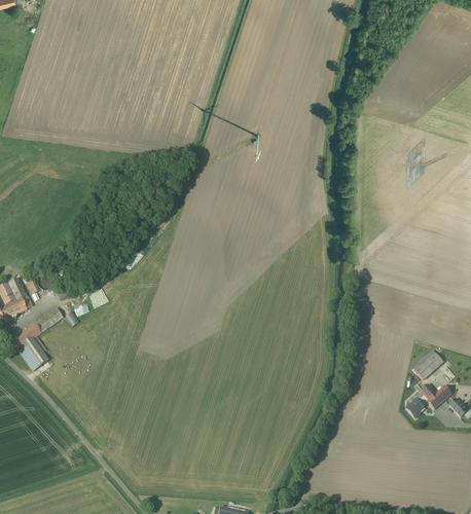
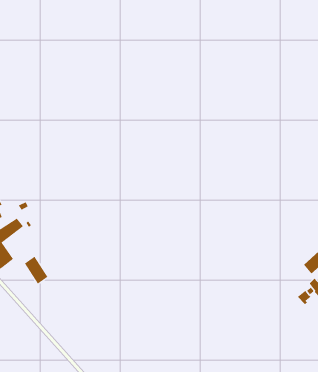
building: none -> [24,256,48,285]

